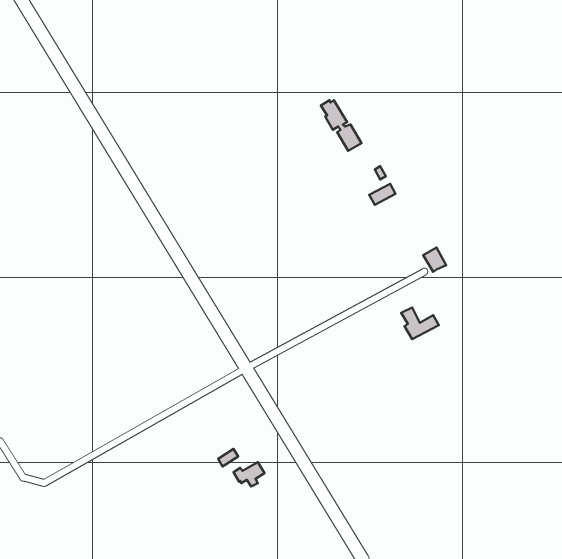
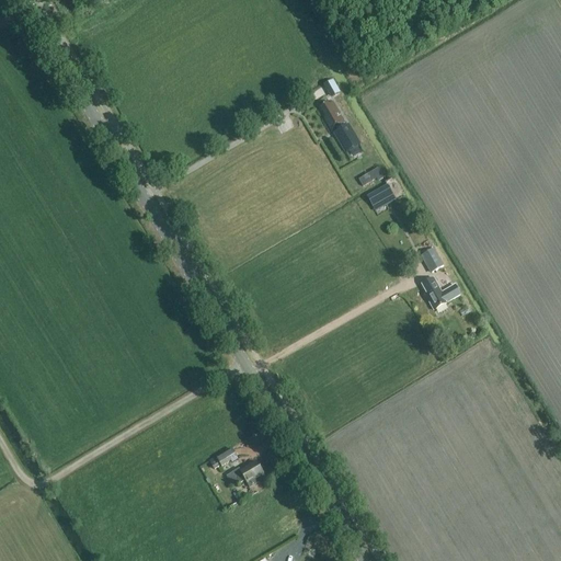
building: [401,307,439,339] -> [424,276,461,308]

